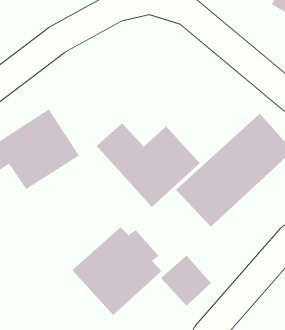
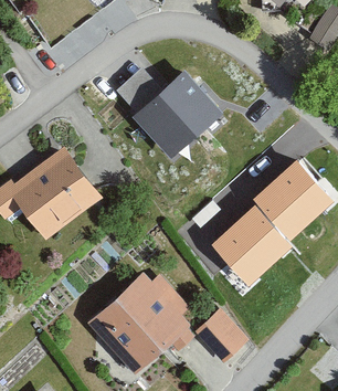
building: [96,123,201,208] -> [109,71,223,163]

